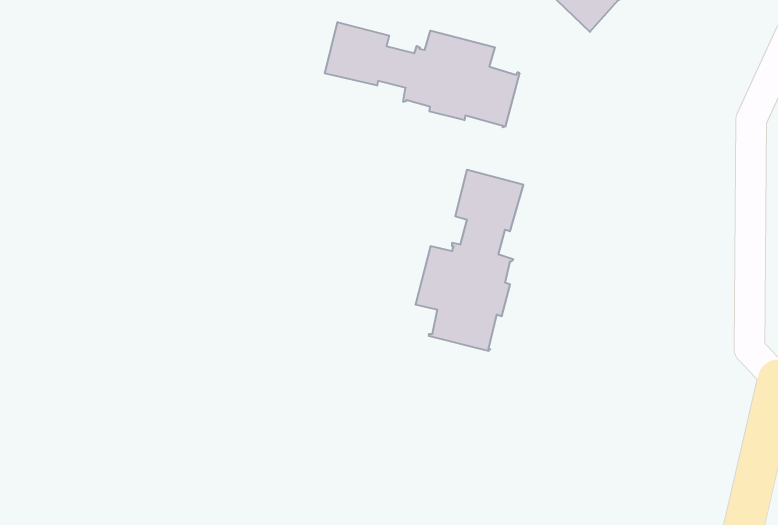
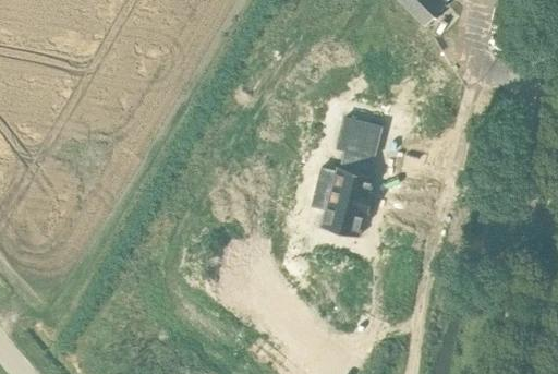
building: [325,22,519,127] -> none

